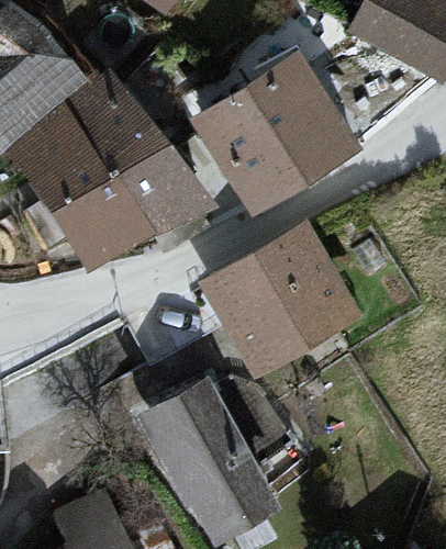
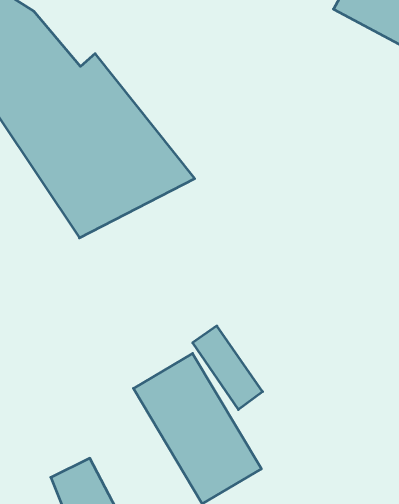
building: [207,48,367,199] -> none
building: [203,232,348,370] -> none

